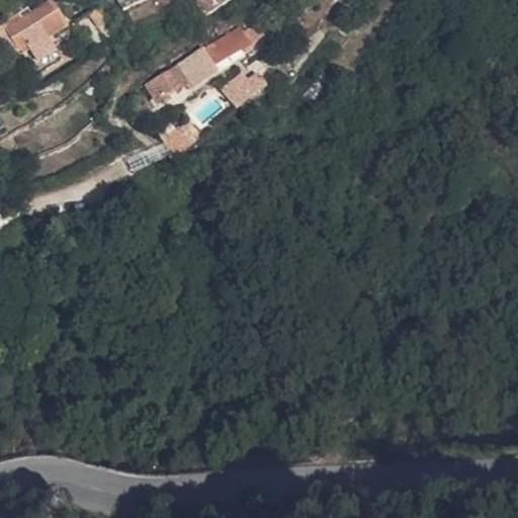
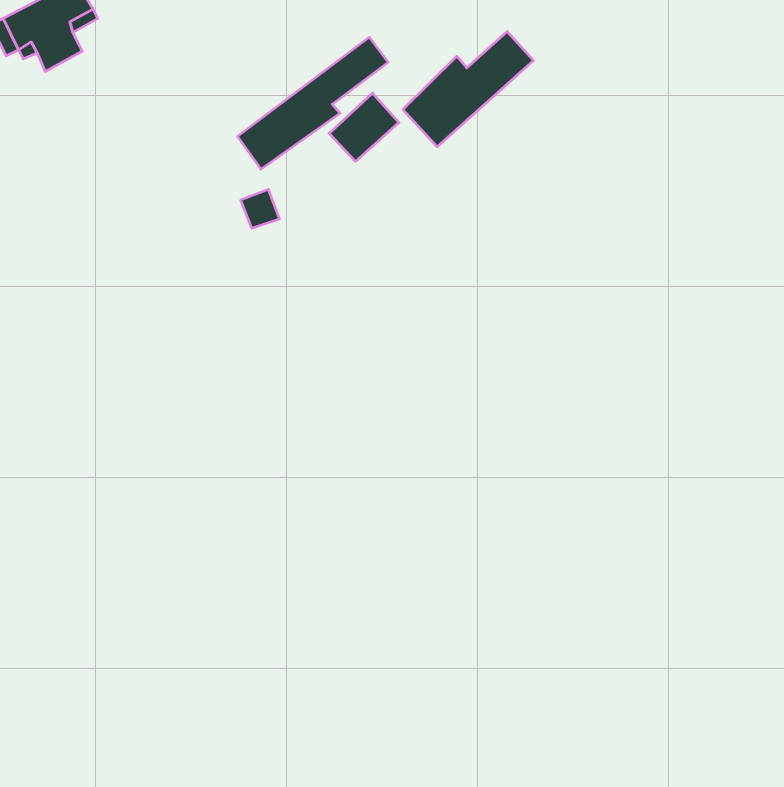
building: none -> [403,31,533,147]

